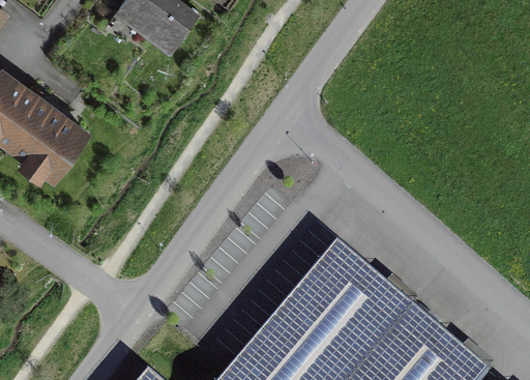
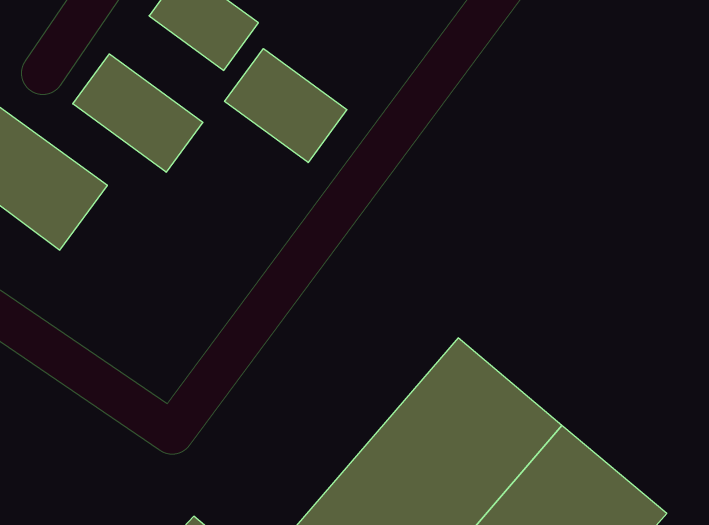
building: none -> [225,49,347,163]
building: none -> [73,54,203,172]

